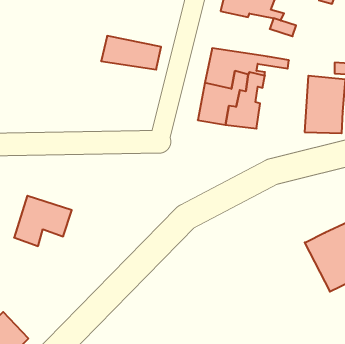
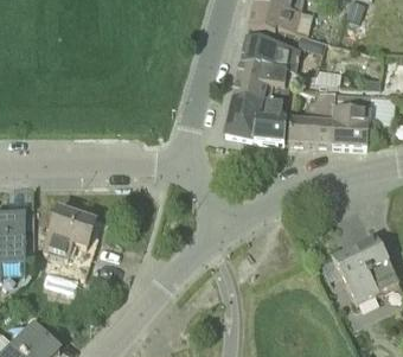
building: [101,36,161,70] -> [239,36,299,69]
building: none -> [288,87,334,144]

